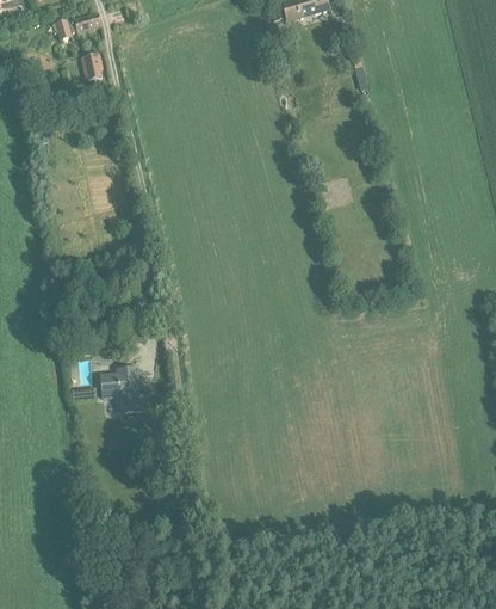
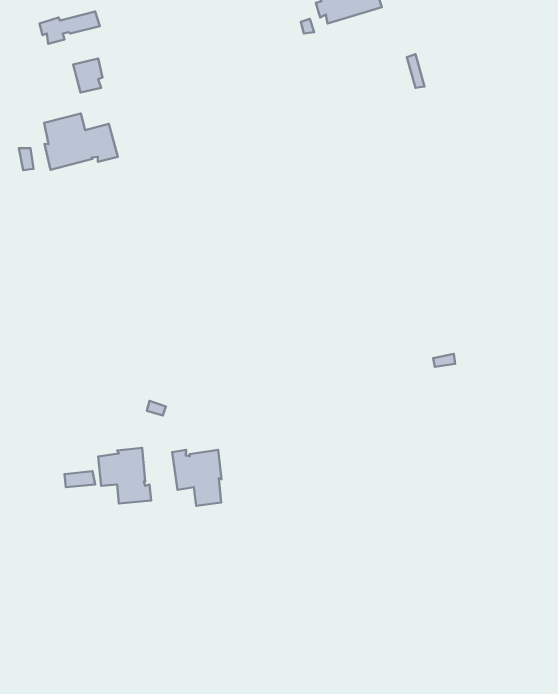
building: none -> [44,114,118,170]
building: none -> [172,450,222,506]

